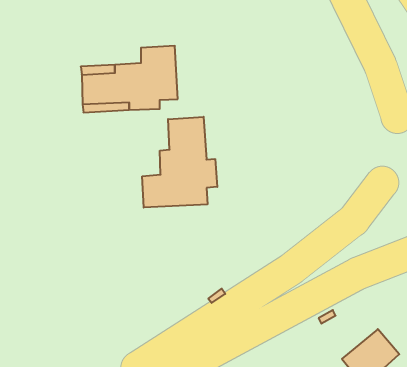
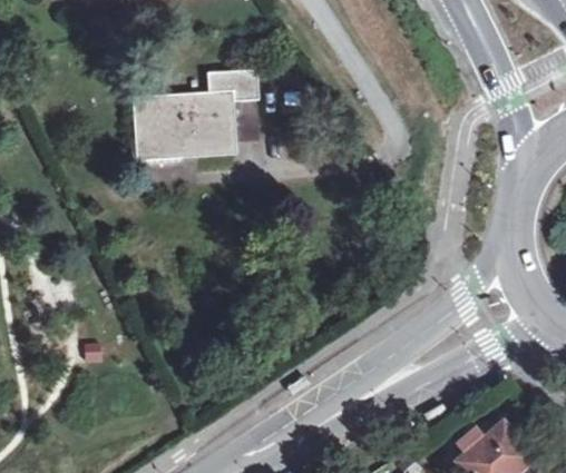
building: [142,117,217,208] -> none

